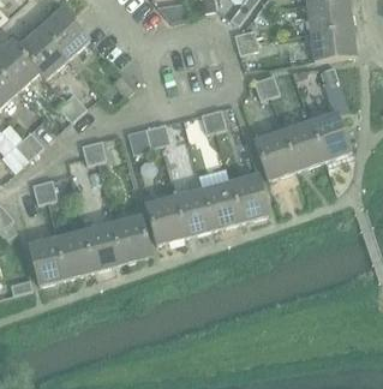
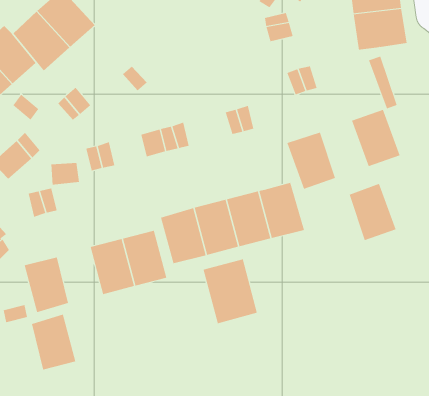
building: [281,121,322,170] -> [349,183,396,241]
building: [56,229,95,277] -> [31,314,76,370]
building: none -> [203,258,258,324]

